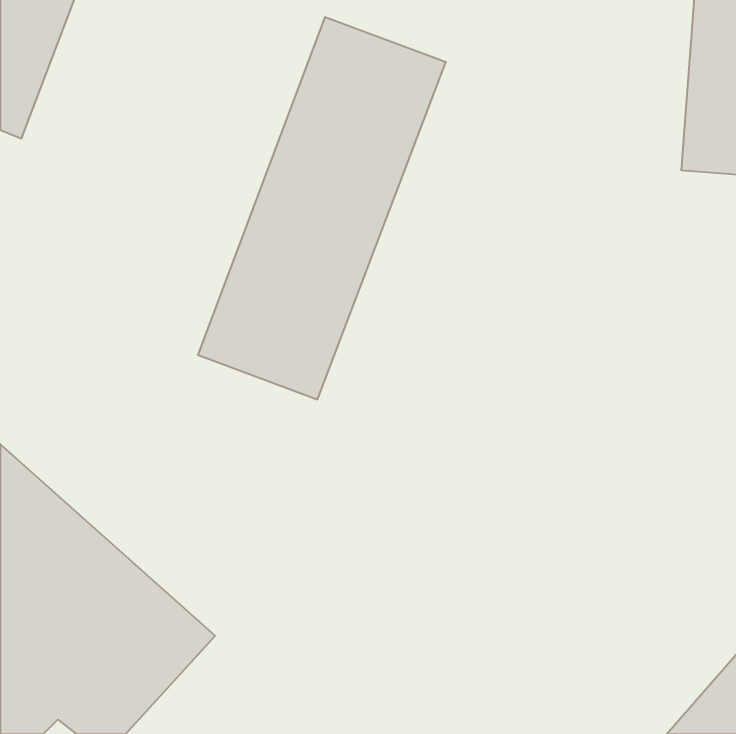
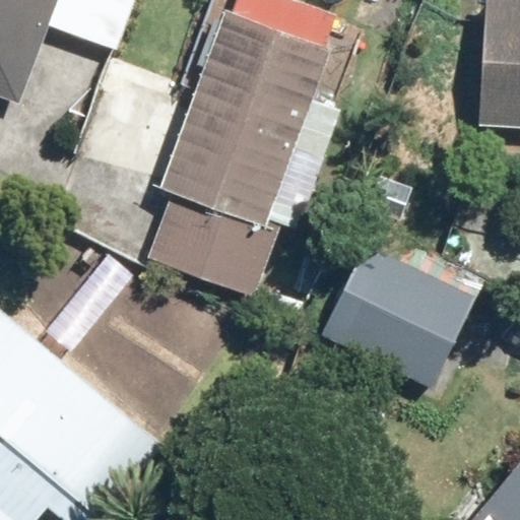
building: none -> [322,245,475,389]

